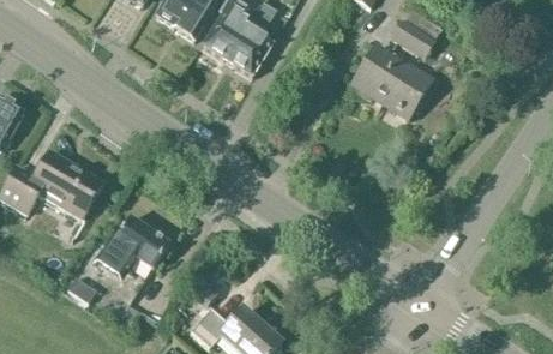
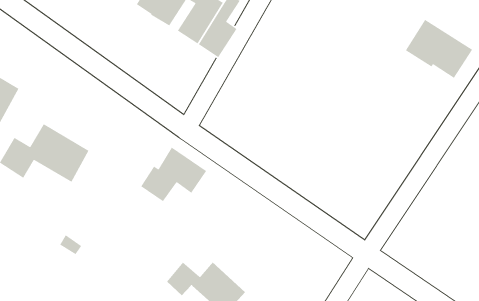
building: [391,18,437,59] -> none
building: [354,46,432,114] -> [405,19,473,79]
building: [94,216,170,280] -> [140,147,207,202]

